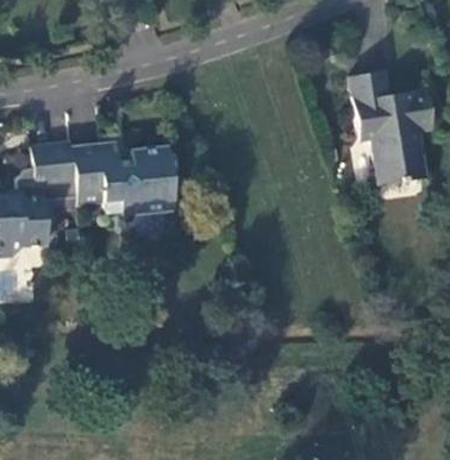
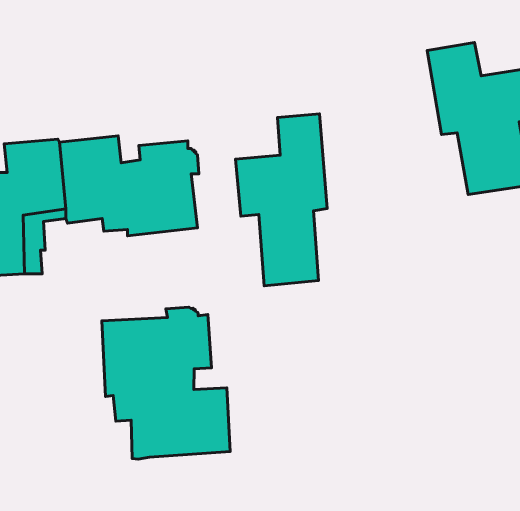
building: none -> [236,114,327,286]
building: none -> [102,307,230,459]

